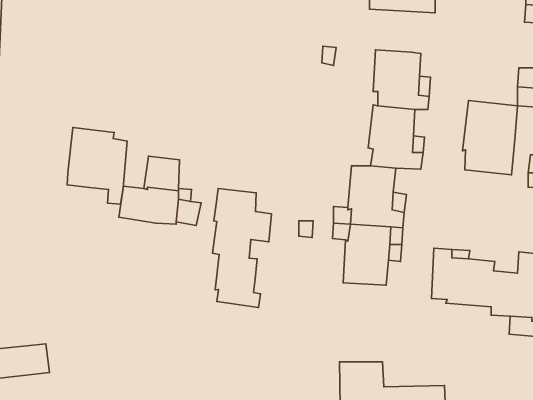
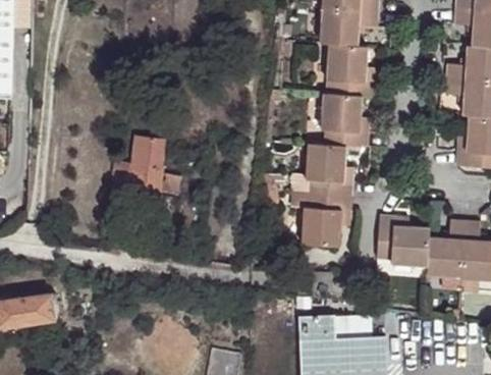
building: none -> [322,10,379,47]
building: [463,100,517,175] -> none
building: [67,128,127,204] -> none
building: [212,188,271,308] -> none

